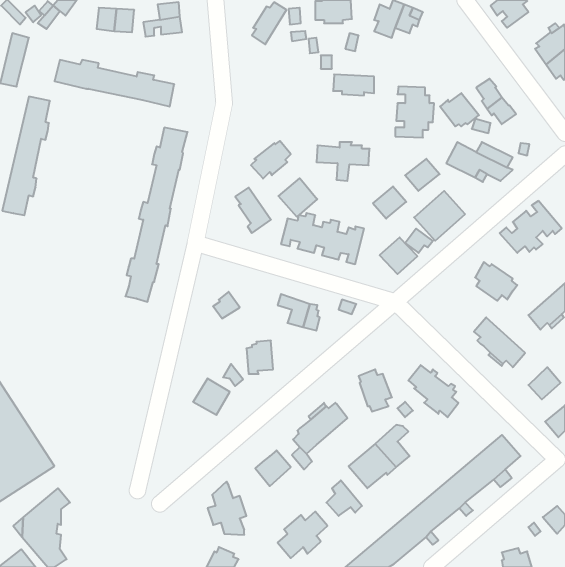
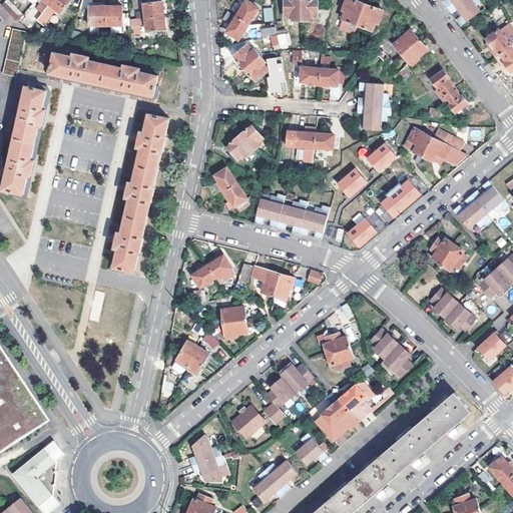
building: none -> [234,45,268,81]
building: [440,93,479,126] -> [391,29,426,59]
building: [278,178,317,217] -> none
building: none -> [206,250,234,284]

